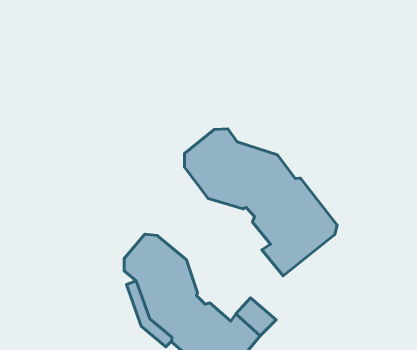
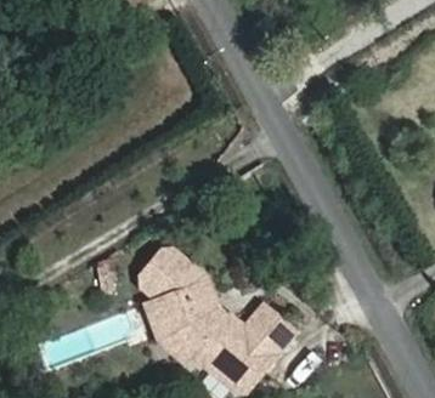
building: [184,129,337,276] -> none

